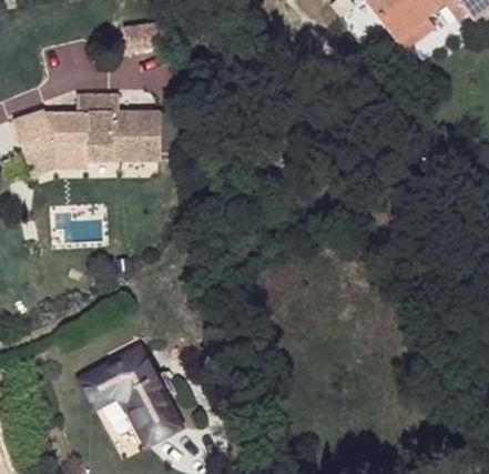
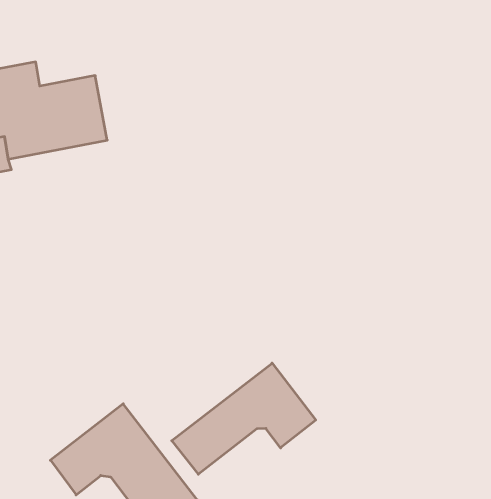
building: none -> [172,363,316,474]

